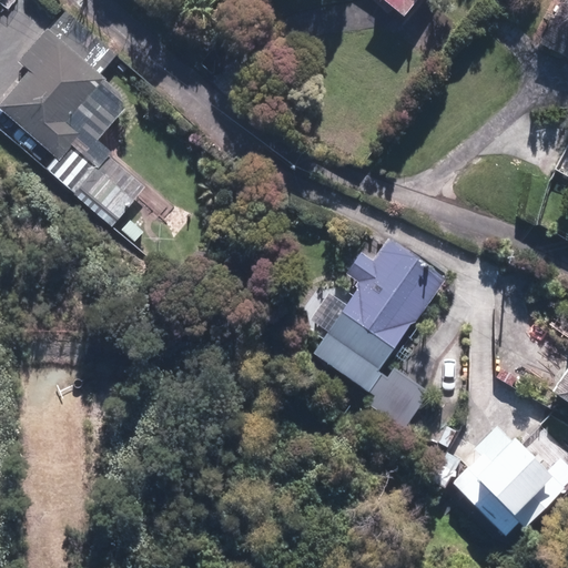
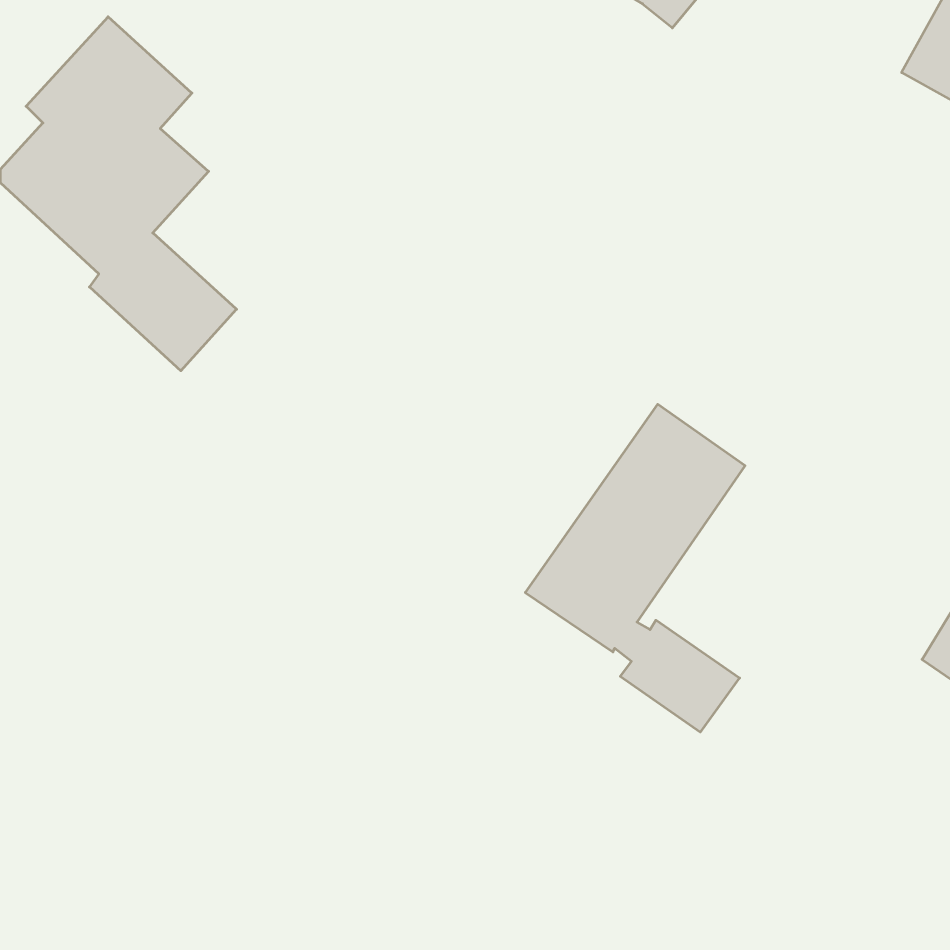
building: [450,428,549,527] -> none

